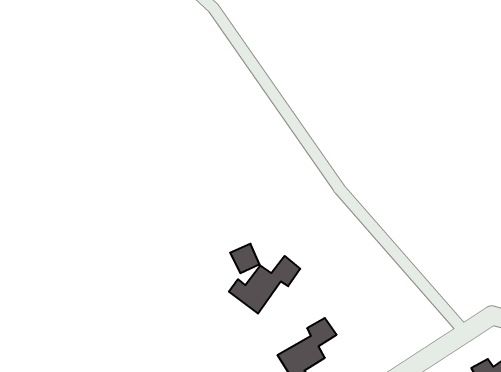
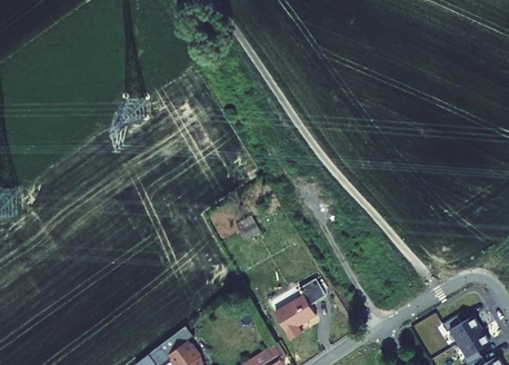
building: [229,256,300,314] -> none

